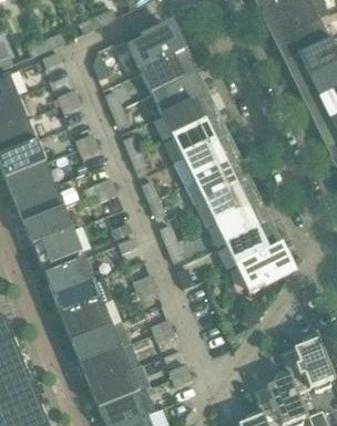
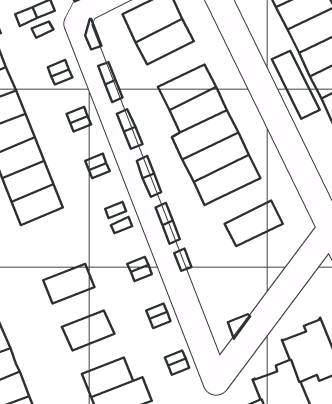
building: [152,70,206,113] -> none
building: none -> [272,51,320,119]
building: [215,199,269,242] -> none
building: [32,227,82,267] -> none
building: [236,242,293,290] -> none
building: [44,257,93,295] -> none
building: [62,302,111,340] -> none
building: [81,346,130,384] -> none

